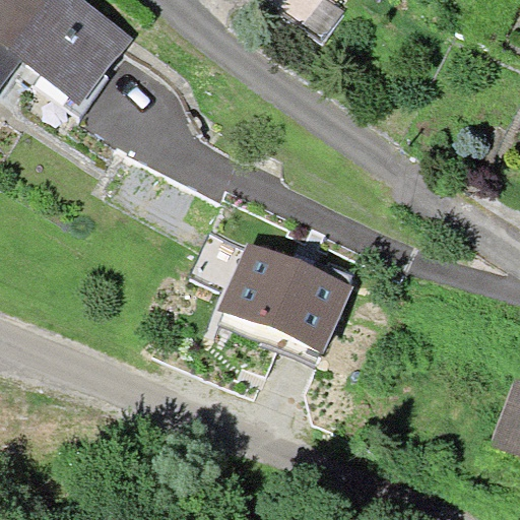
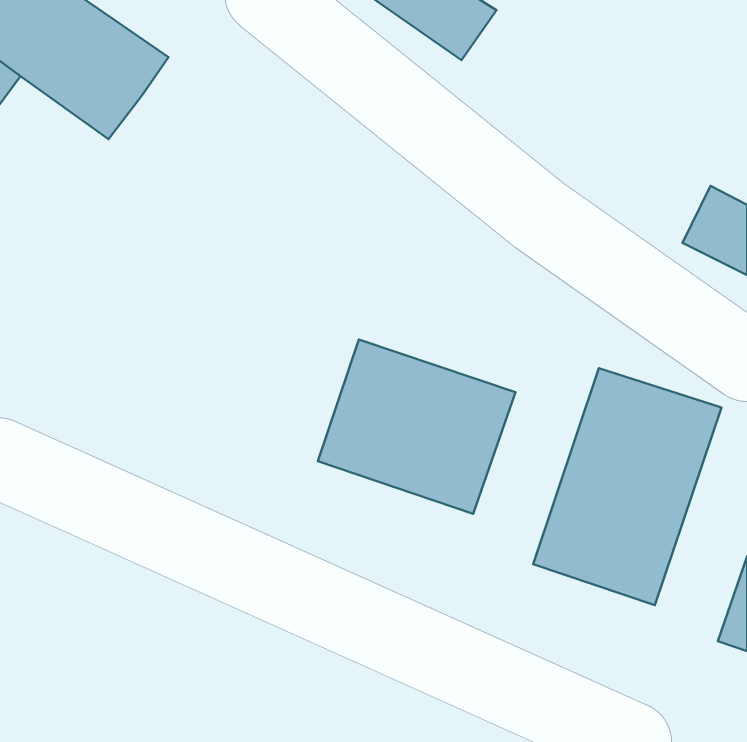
building: none -> [533,368,722,605]

